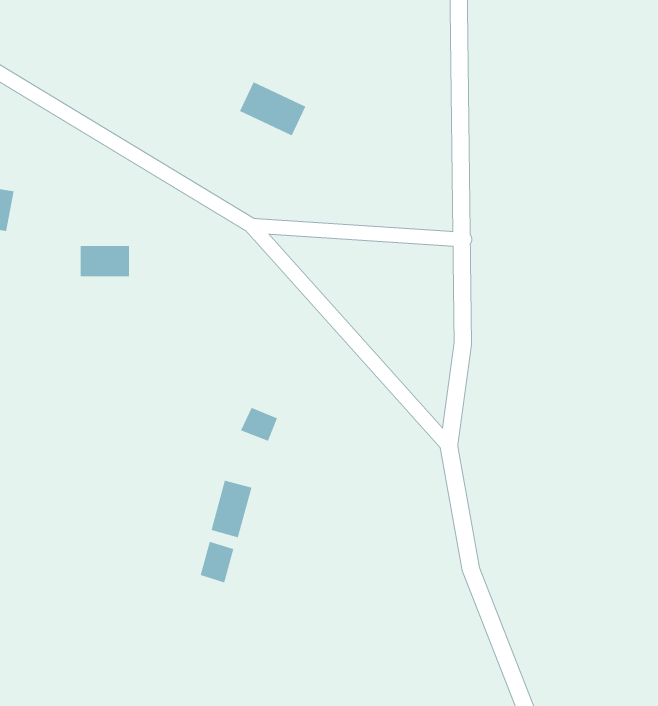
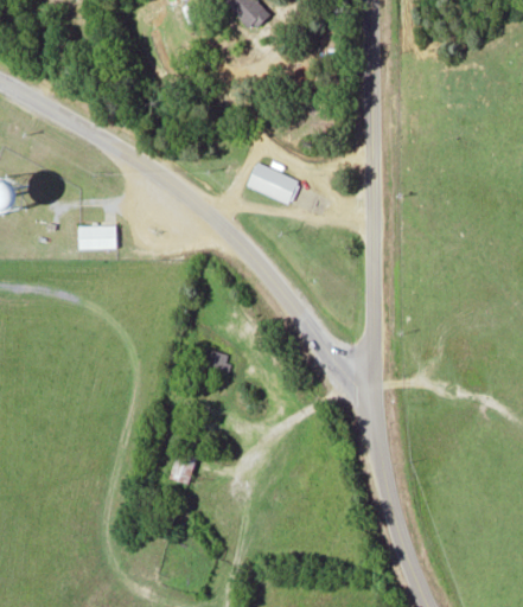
building: [239,82,306,136] -> [247,162,298,204]
building: [211,480,252,538] -> none

